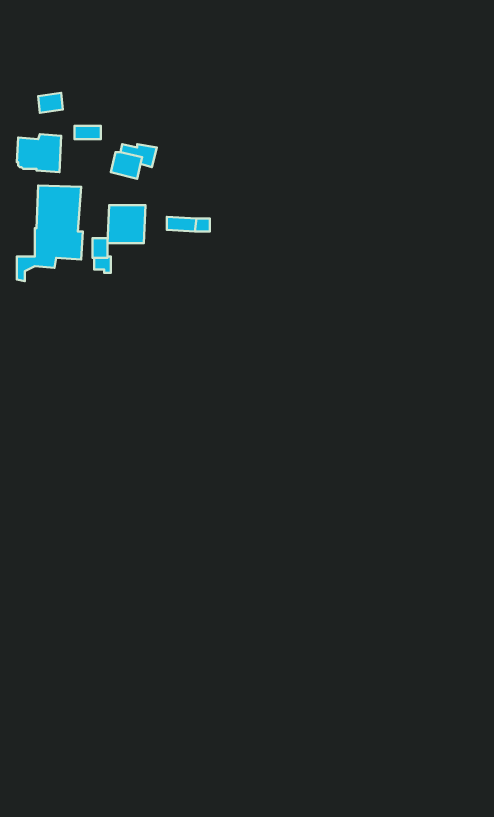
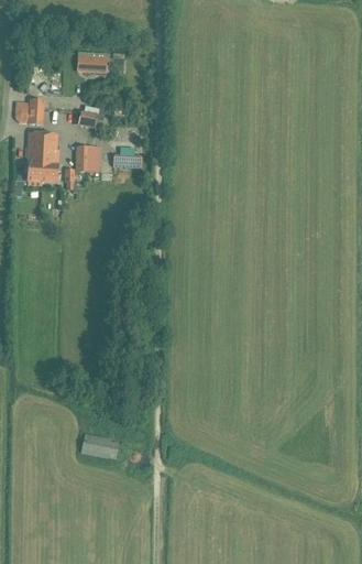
building: none -> [77,55,107,73]
building: none -> [80,433,119,459]

